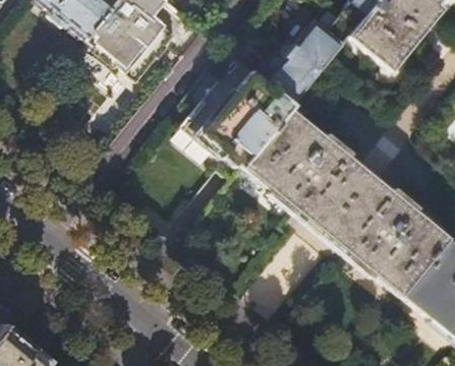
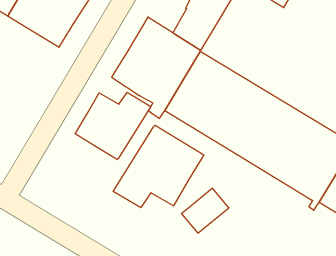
building: none -> [75,92,151,160]
building: none -> [113,125,204,208]

